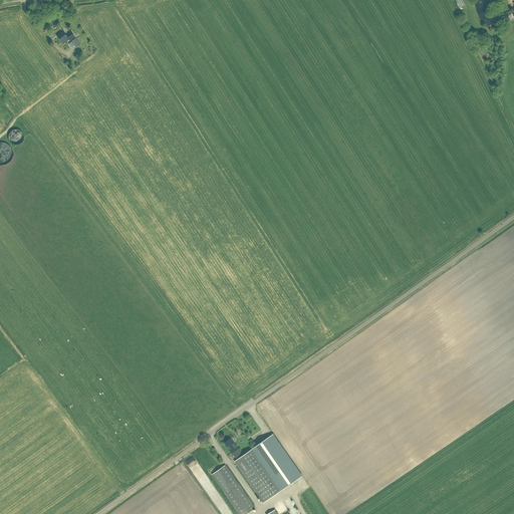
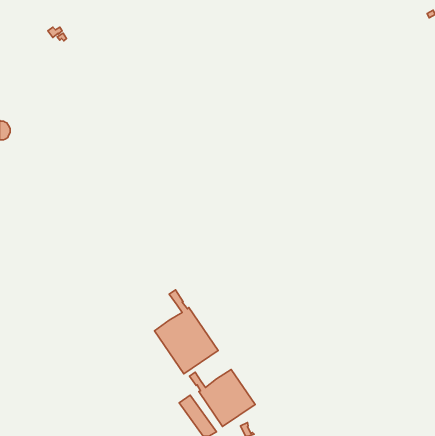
building: none -> [155,290,218,374]

